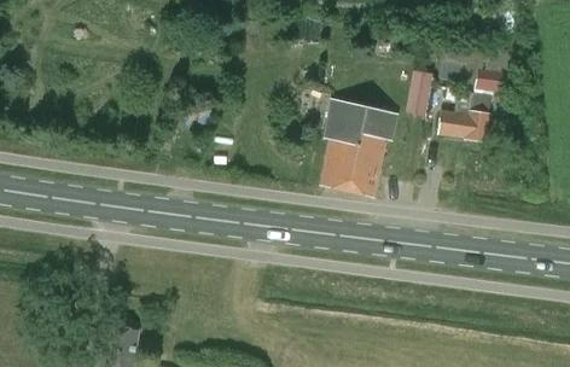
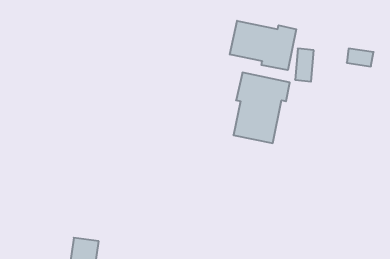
building: none -> [230,21,296,70]
building: [438,110,489,142] -> none

